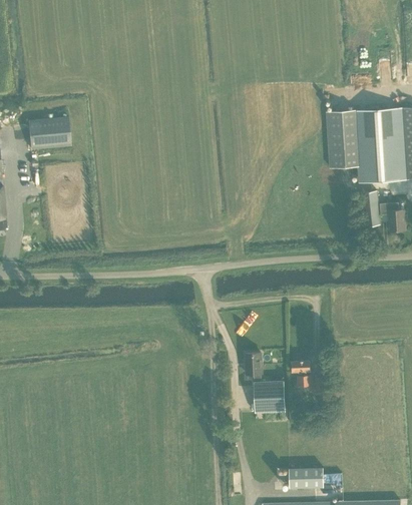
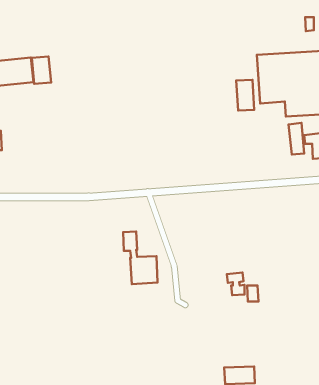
building: none -> [32,56,51,84]
building: none -> [236,80,254,110]
building: [245,352,284,412] -> [123,231,157,284]

